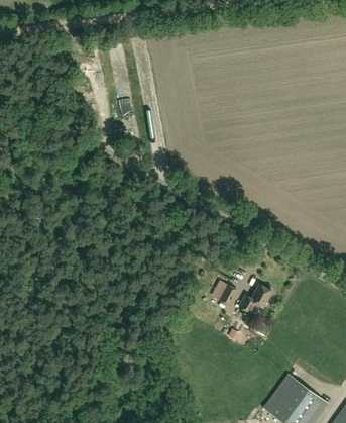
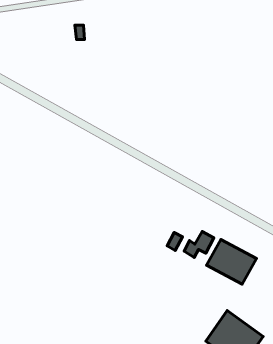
building: none -> [207,239,257,284]

